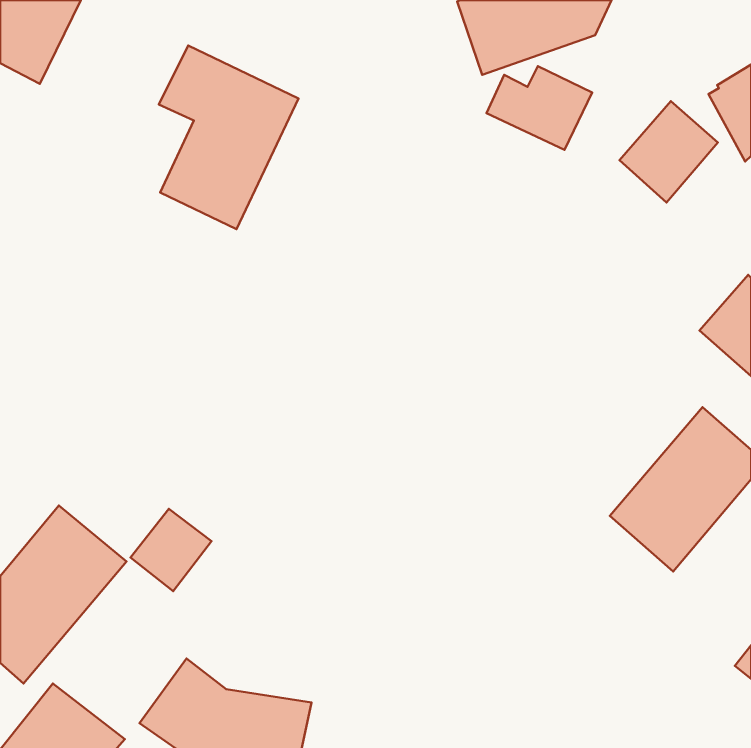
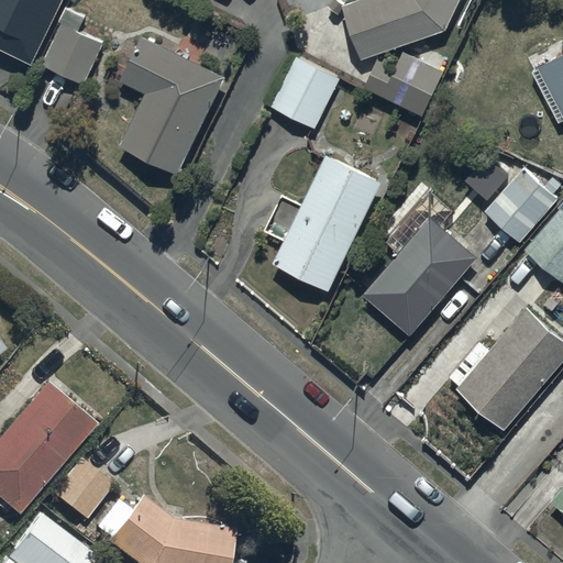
building: none -> [41,7,102,85]
building: none -> [271,56,340,128]
building: [619,101,718,203] -> [484,167,558,243]
building: none -> [273,155,380,289]
building: none -> [361,216,477,336]
building: [131,509,211,591] -> [52,459,112,520]

